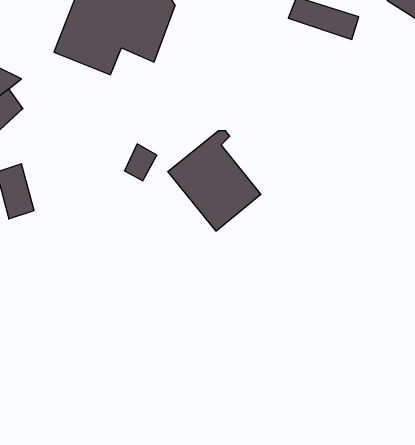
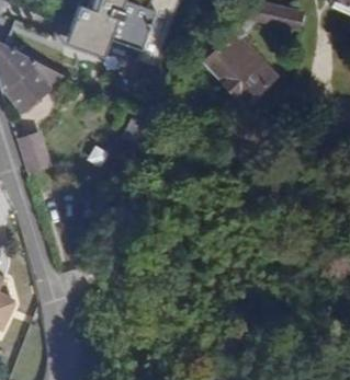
building: [168,131,261,231] -> [202,30,274,107]

